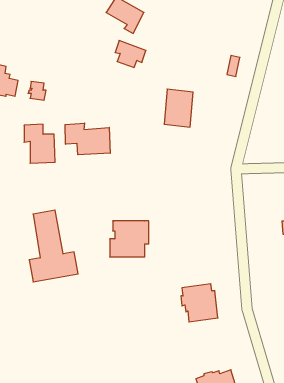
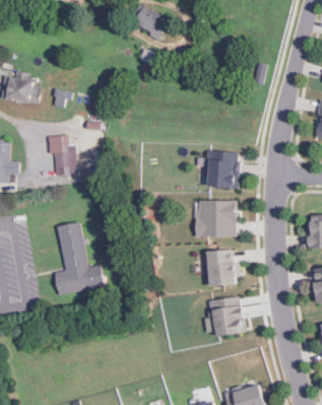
building: [164,89,193,127] -> [208,151,238,190]
building: [65,123,110,155] -> none
building: [110,221,149,257] -> [198,201,238,238]
building: none -> [210,252,237,288]

